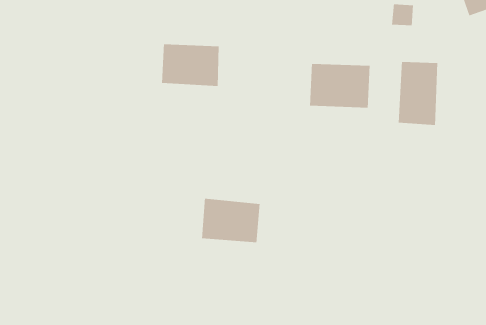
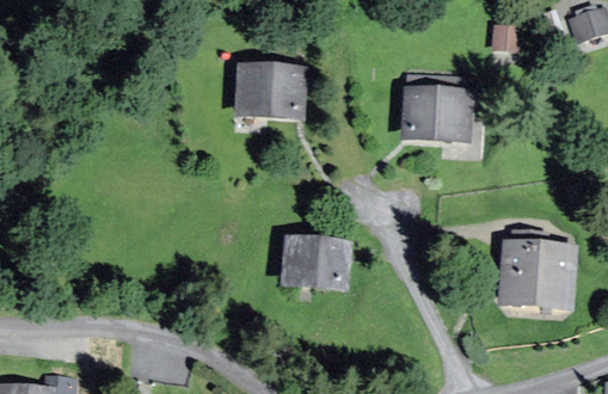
building: [398,61,438,126] -> none
building: none -> [500,240,573,303]

